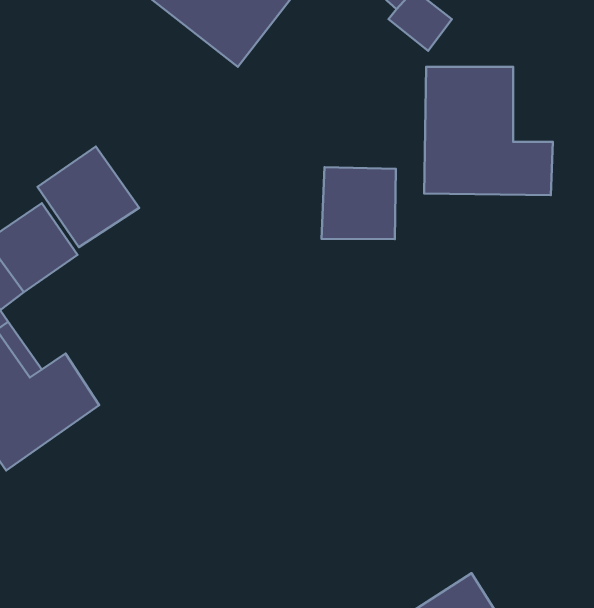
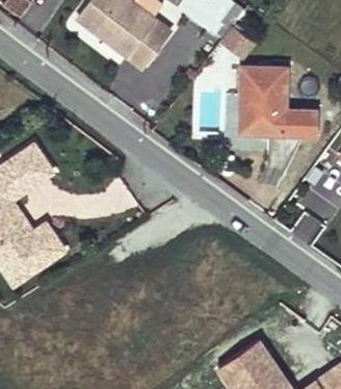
building: [38,146,139,247] -> none
building: [321,167,396,239] -> none

